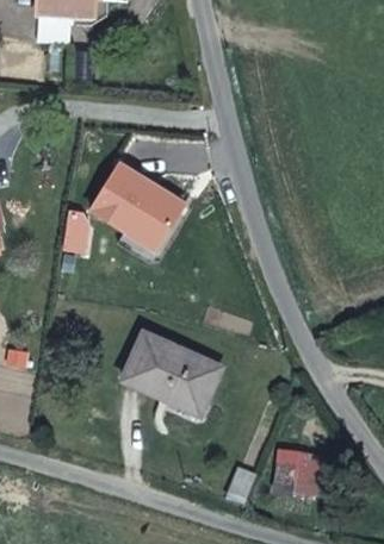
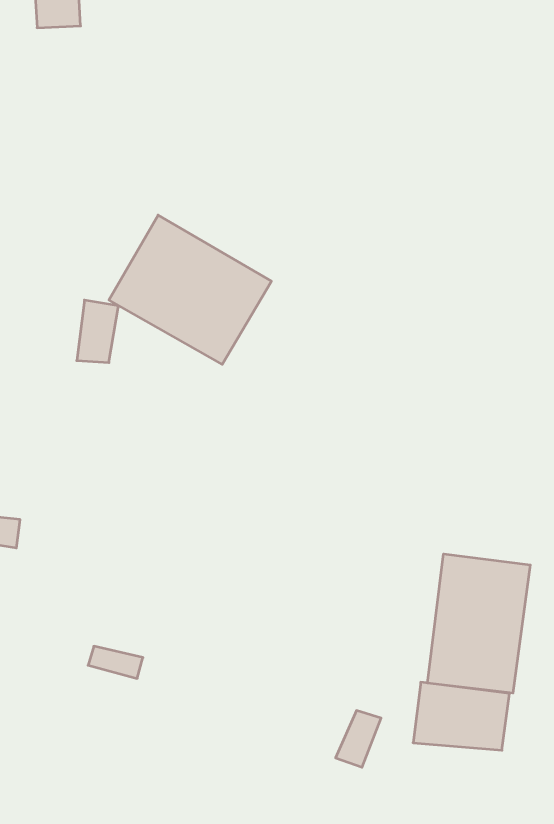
building: [122,334,217,414] -> none
building: none -> [428,554,530,693]

